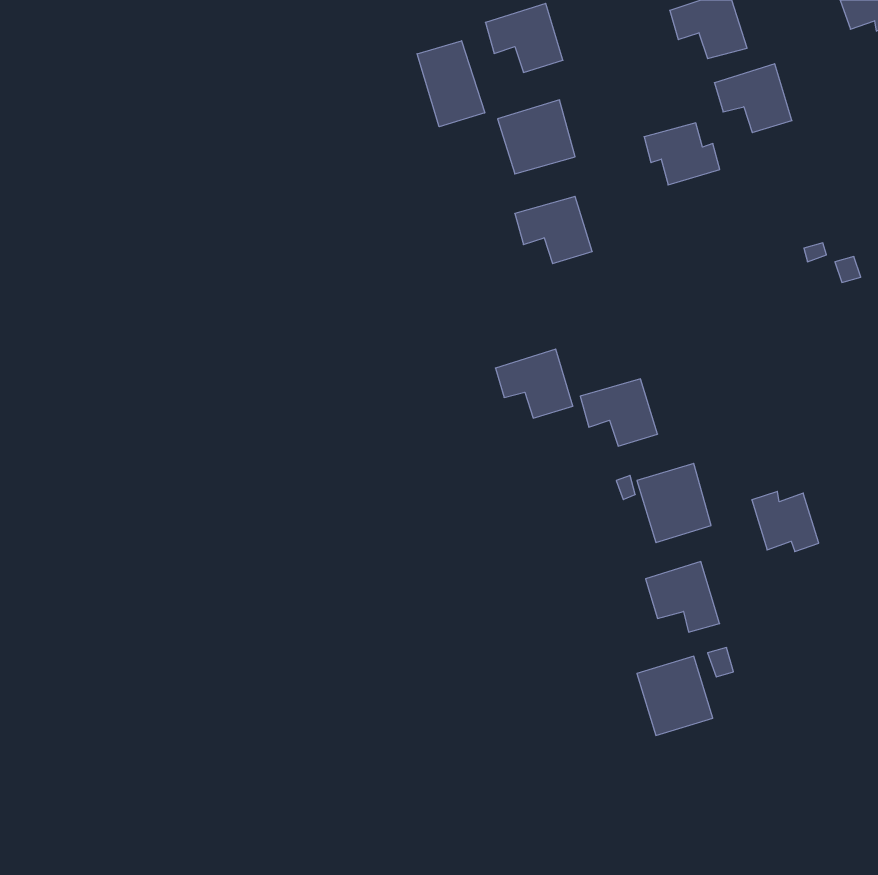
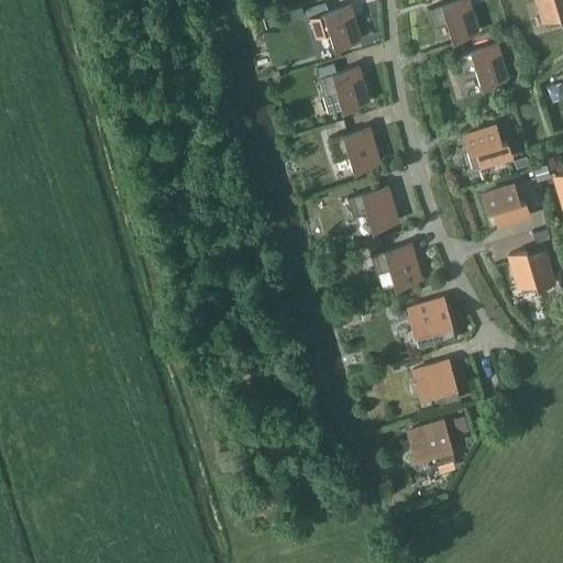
building: [417,41,485,127] -> none
building: [644,123,720,185] -> [464,128,512,167]
building: none -> [482,184,531,230]
building: [495,349,573,418] -> [349,187,398,231]
building: [752,491,819,552] -> [510,251,553,289]

